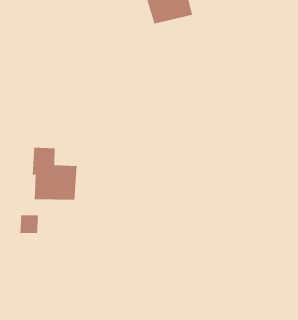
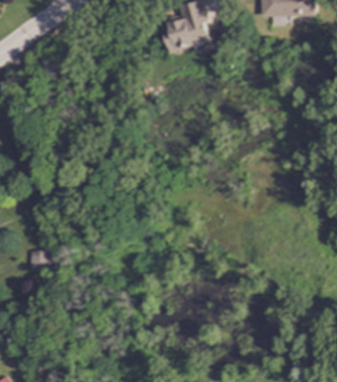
building: [32,147,77,201] -> none

